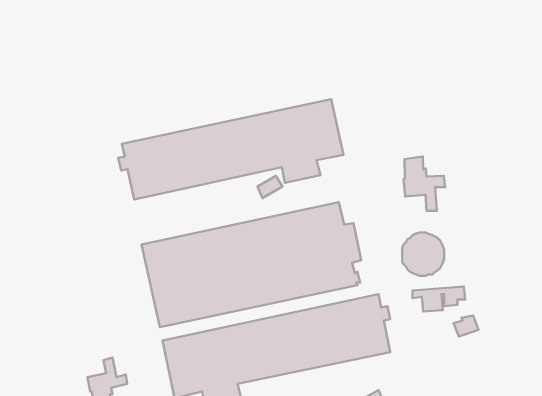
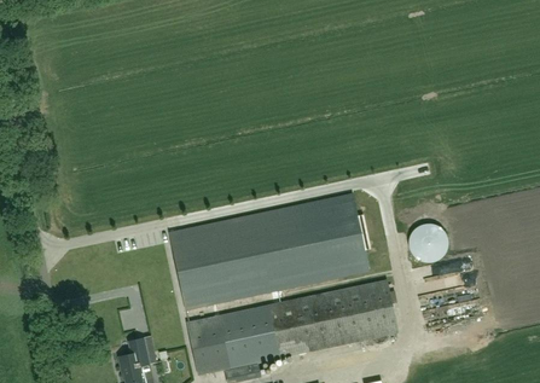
building: [118,99,344,200] -> none
building: [404,157,445,211] -> none

